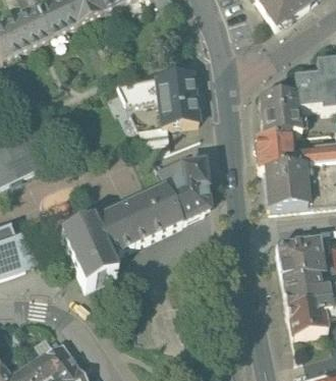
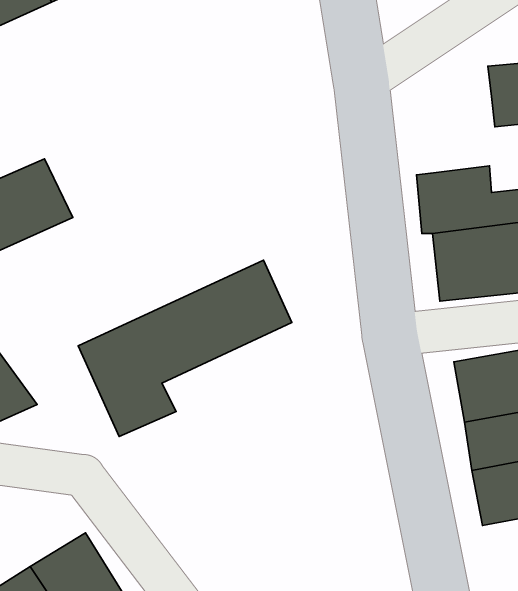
building: [153,67,200,124] -> none
building: [258,92,300,135] -> none
building: [157,153,212,221] -> none

